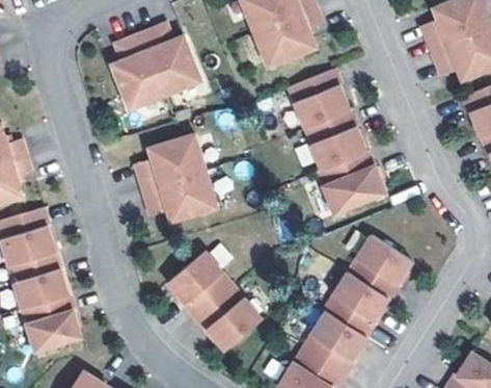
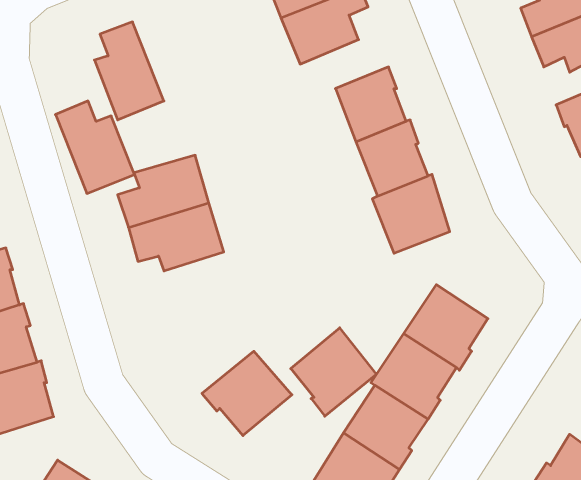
building: [140,24,200,95] -> [55,101,134,193]
building: [167,251,233,318] -> [291,328,376,416]

